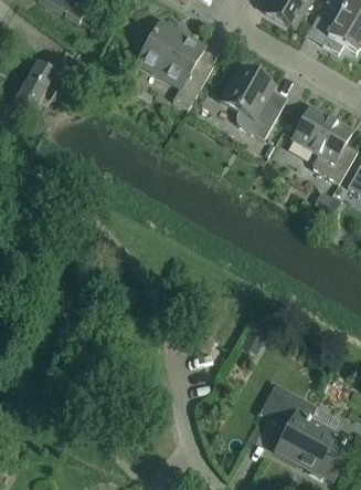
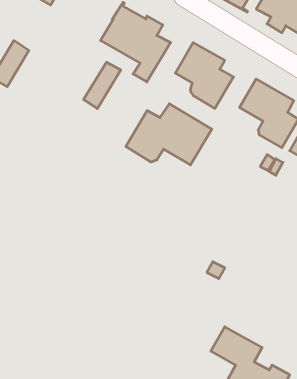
building: none -> [84,62,121,109]
building: none -> [126,104,212,165]

